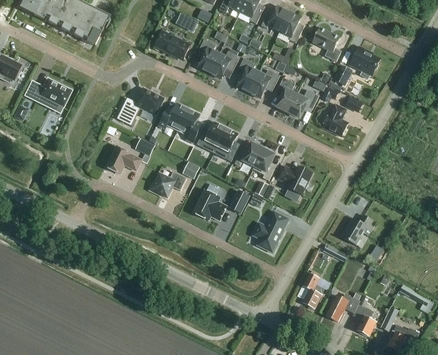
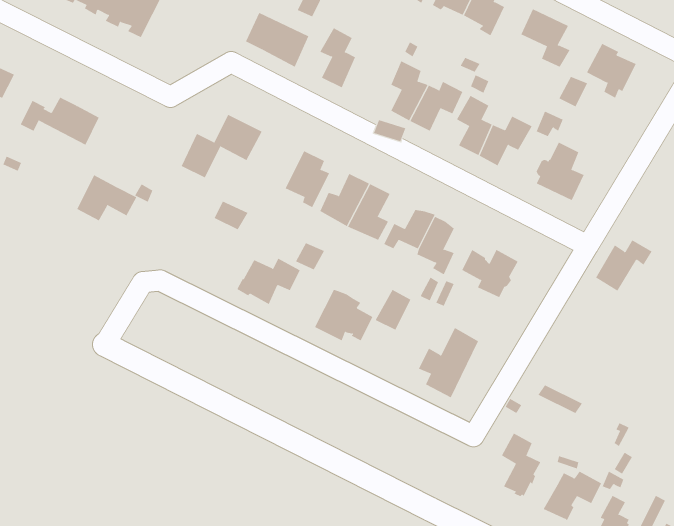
building: [210,50,241,78] -> none
building: [159,103,188,131] -> none
building: [107,146,142,173] -> [77,174,137,221]
building: [343,215,376,245] -> [595,239,652,291]

